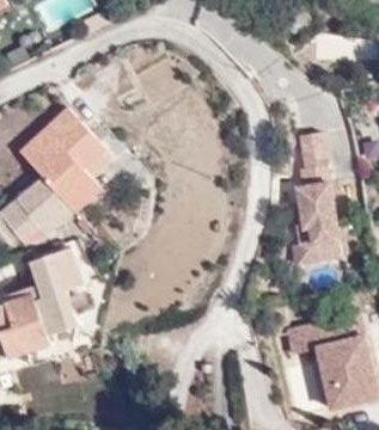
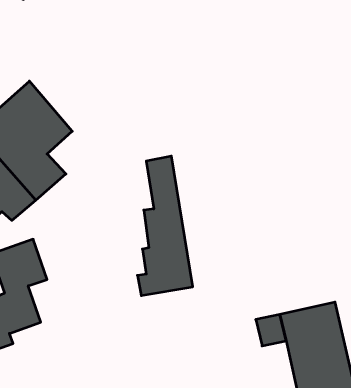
building: [285,128,337,260] -> [137,156,193,296]

